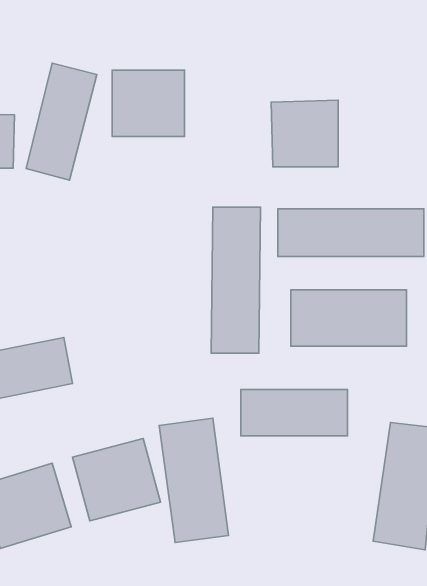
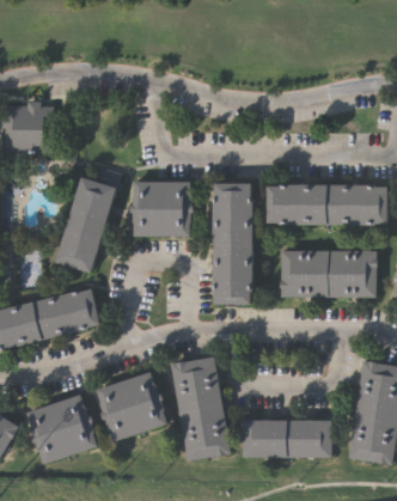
building: [26,63,97,180] -> [56,176,115,273]
building: [112,70,184,137] -> [130,181,190,236]
building: [271,100,338,167] -> none
building: [241,390,348,436] -> [242,418,330,457]

